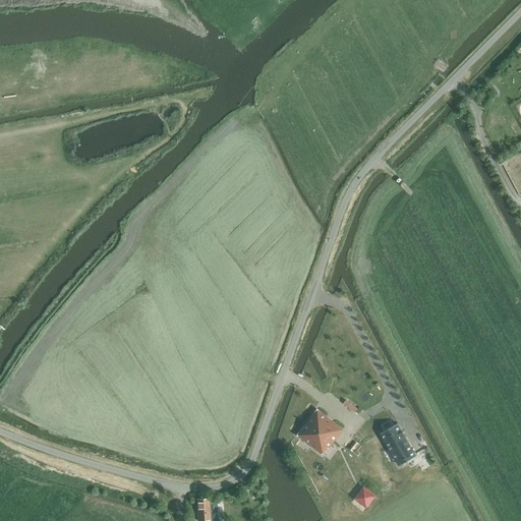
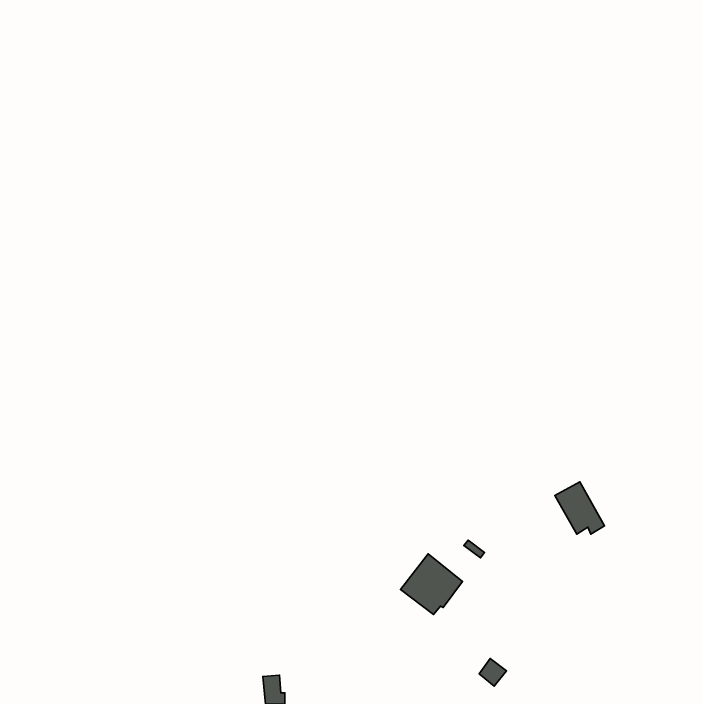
building: [379,423,415,462] -> [555,482,604,534]

